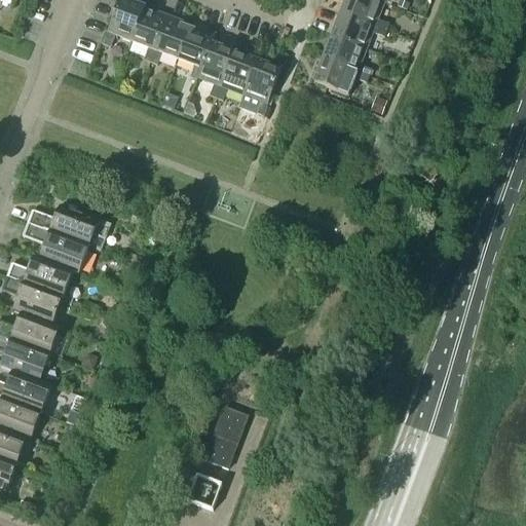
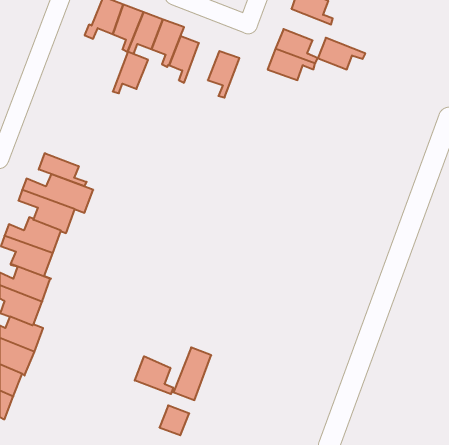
building: [331,10,386,47] -> [318,38,365,69]
building: [215,50,256,99] -> [113,52,148,93]
building: none -> [39,153,87,186]
building: none -> [135,356,173,394]

